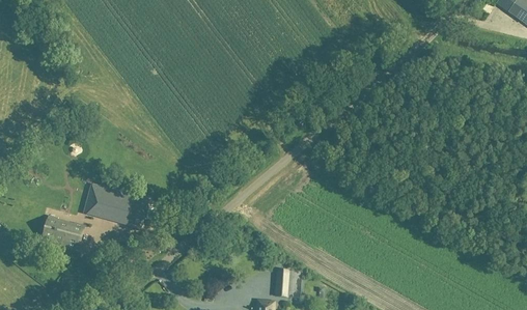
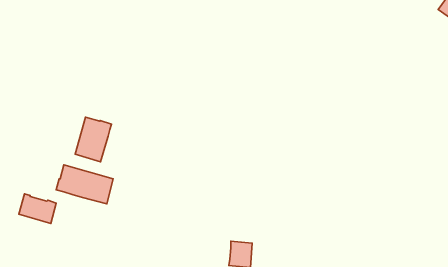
building: none -> [75,117,111,162]

